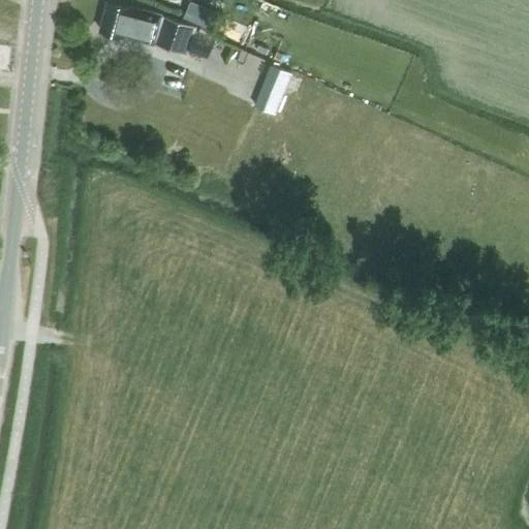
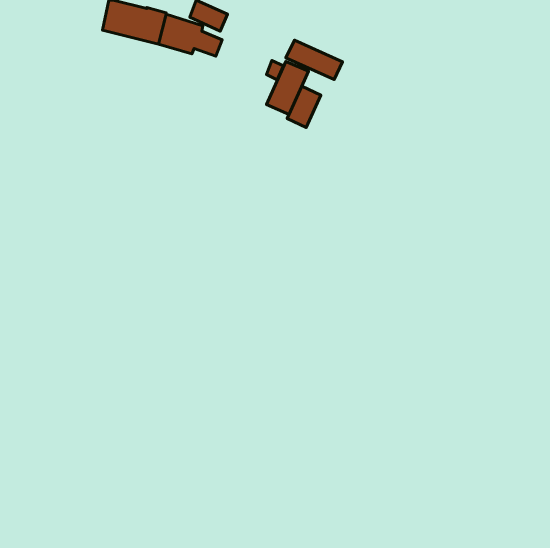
building: none -> [286,40,343,80]
building: none -> [287,86,321,128]

